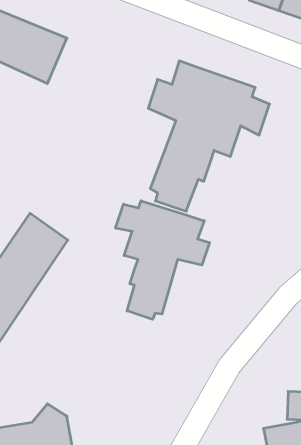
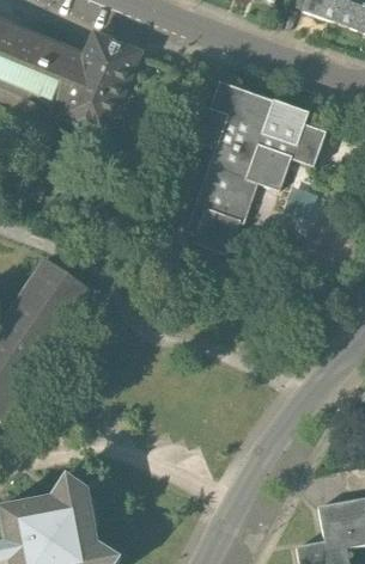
building: none -> [63,29,142,131]
building: [116,201,210,319] -> none

